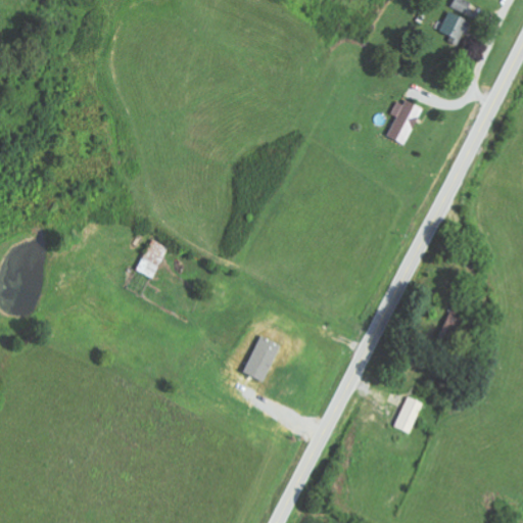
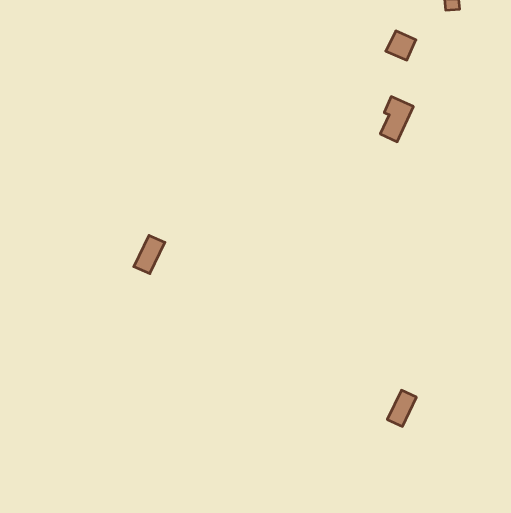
building: [438,11,469,41] -> [386,31,416,60]
building: [243,335,279,380] -> none

